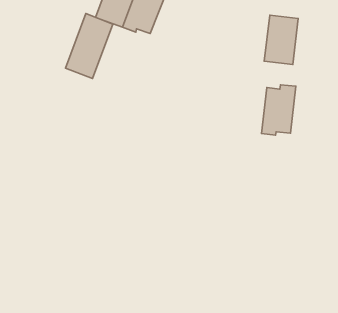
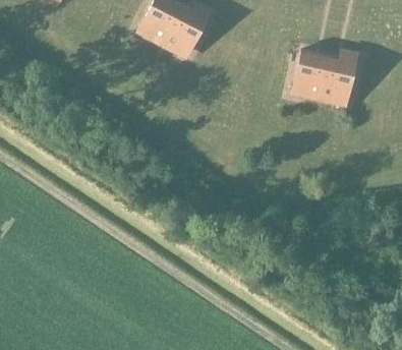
building: [65,14,113,78] -> none
building: [261,85,296,135] -> [320,55,357,102]

